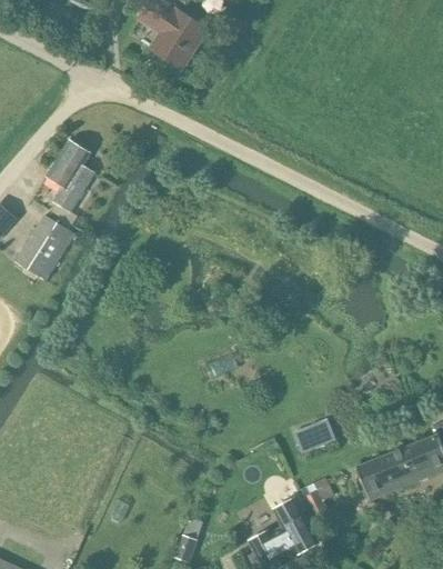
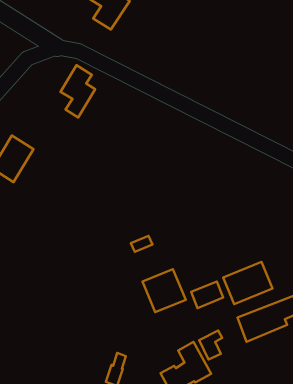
building: [47,140,94,212] -> [61,65,95,117]
building: none -> [223,262,273,304]
building: none -> [142,269,186,312]

